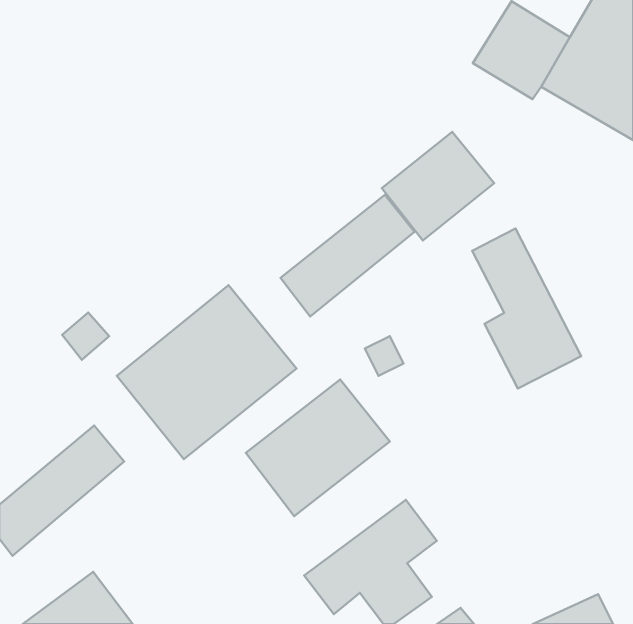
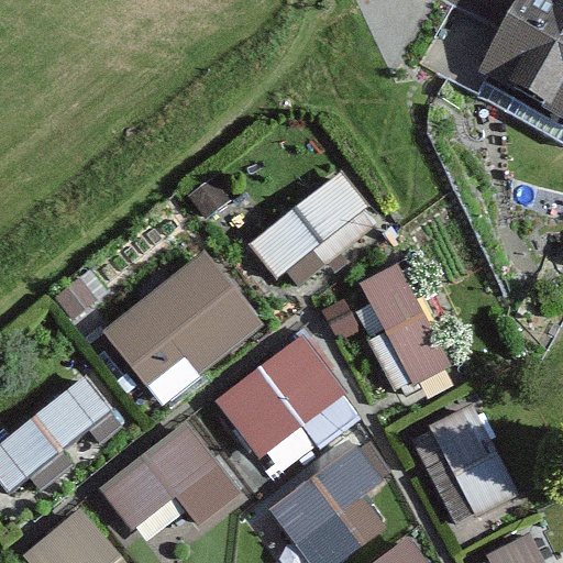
building: [382,132,494,241] -> none
building: [472,228,581,389] -> [361,264,457,406]
building: none -> [412,404,520,527]
building: none -> [98,421,241,531]

